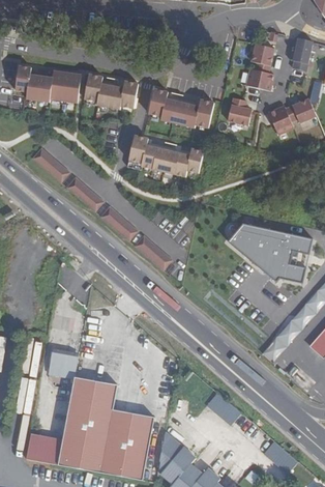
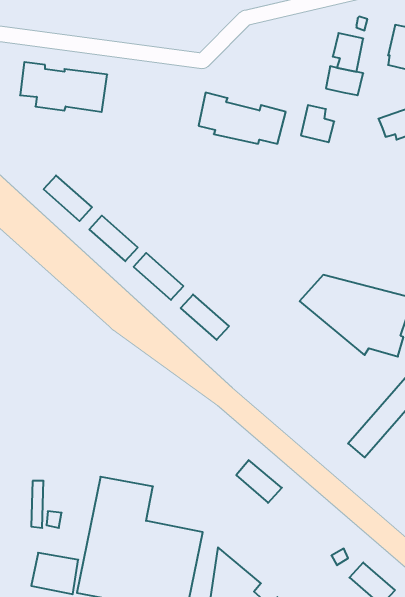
building: [85,75,139,109] -> none
building: [268,106,293,135] -> none
building: [129,136,205,175] -> none
building: [49,354,76,377] -> none
building: [206,393,240,425] -> [236,460,282,503]

